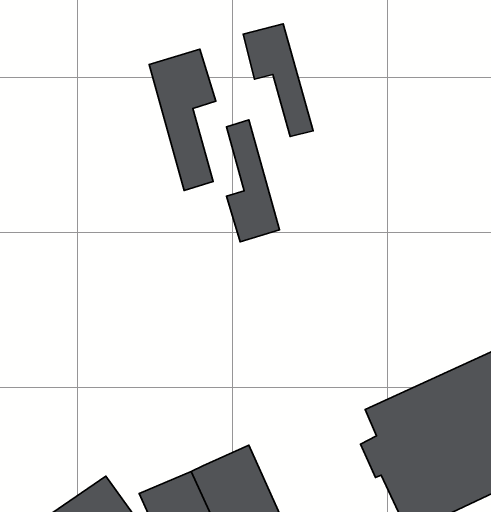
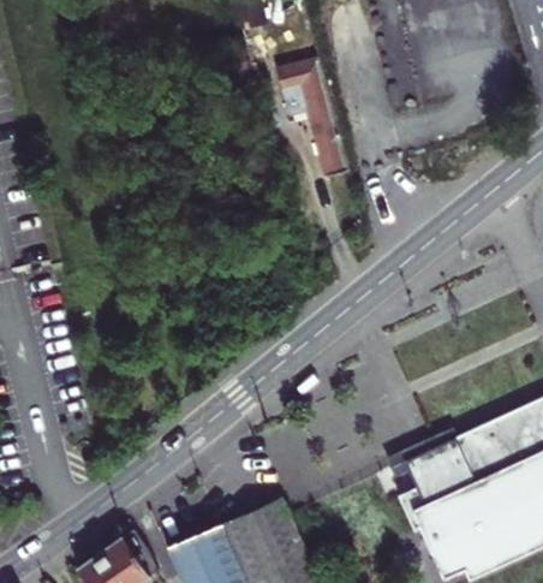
building: [149,49,216,190] -> none
building: [226,120,280,242] -> none

